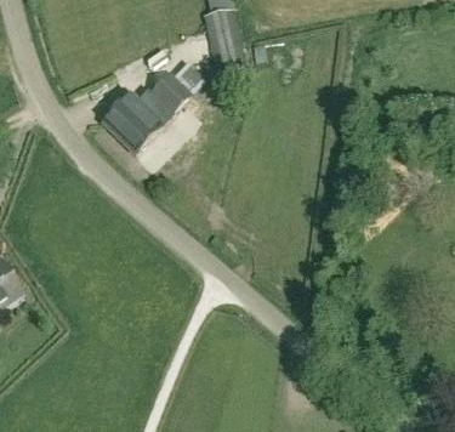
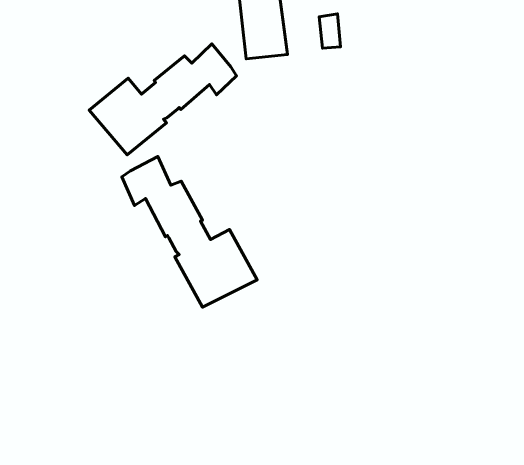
building: none -> [122,156,257,307]

